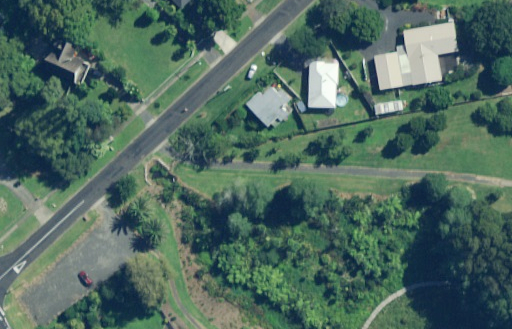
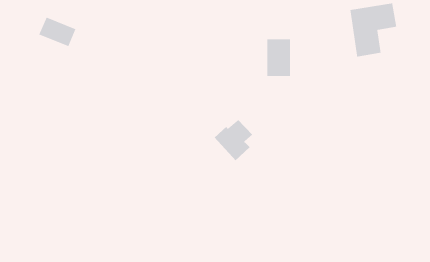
building: [361,44,410,90] -> none
building: [245,83,290,131] -> [214,119,253,161]

